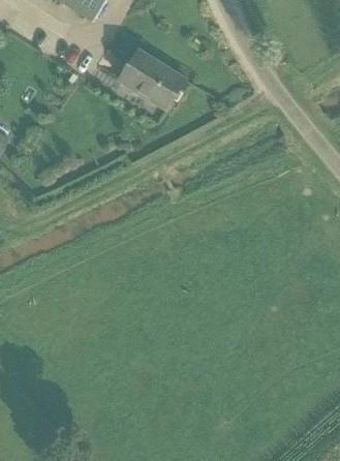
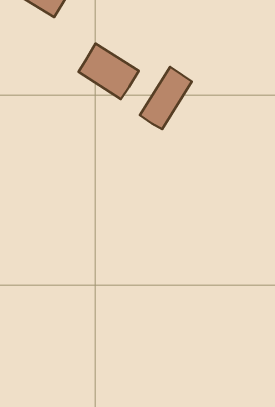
building: none -> [140,67,192,129]

